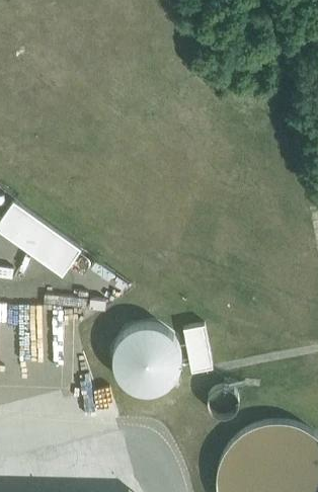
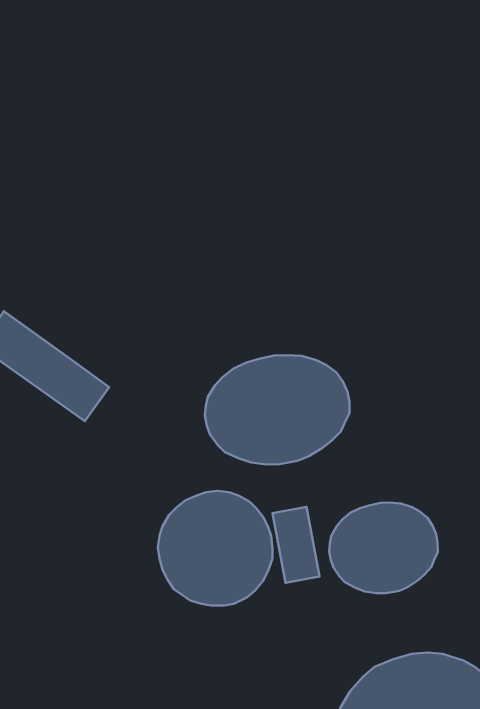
building: none -> [205,355,350,465]
building: none -> [329,503,438,593]

